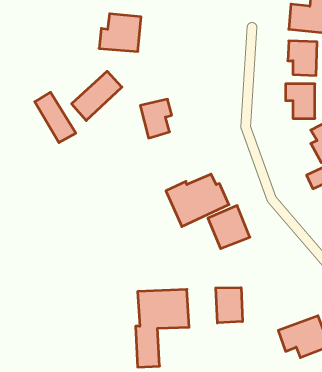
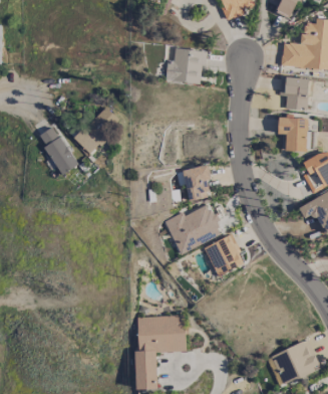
building: [99,14,141,51] -> [166,47,206,83]
building: [140,99,172,138] -> [183,164,213,201]
building: [216,288,242,323] -> none

